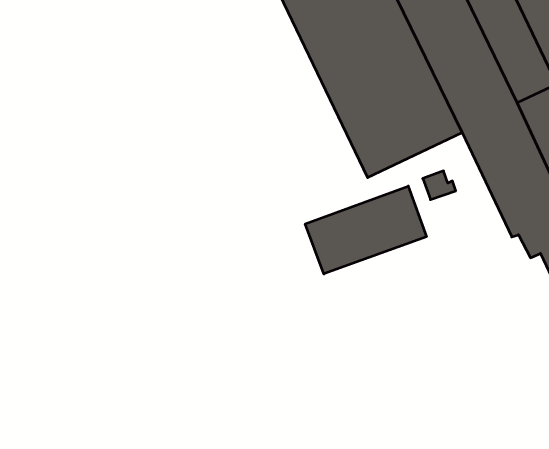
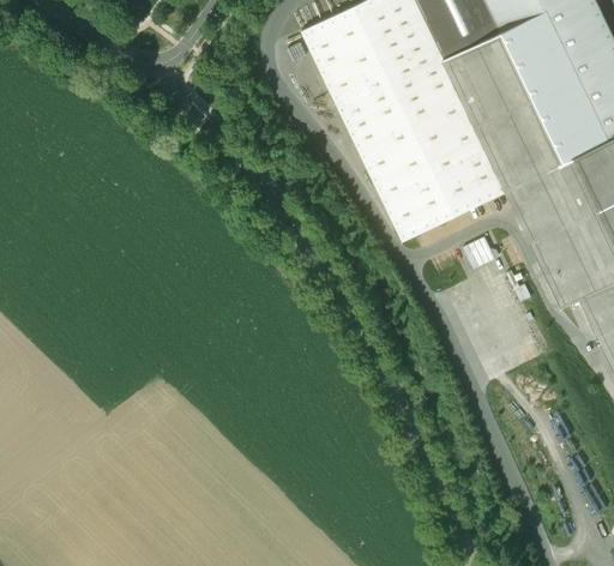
building: [305,186,426,274] -> none

